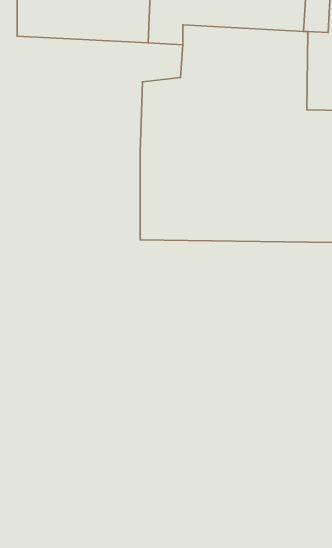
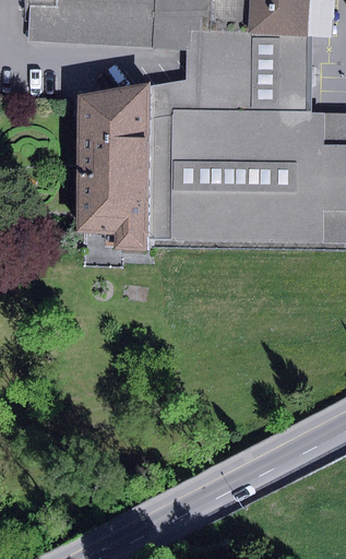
building: none -> [72,84,147,249]

